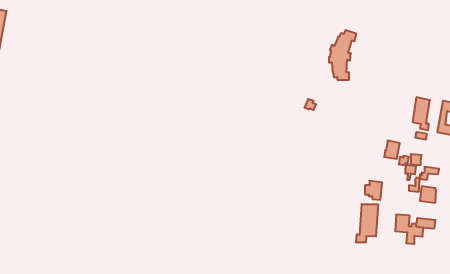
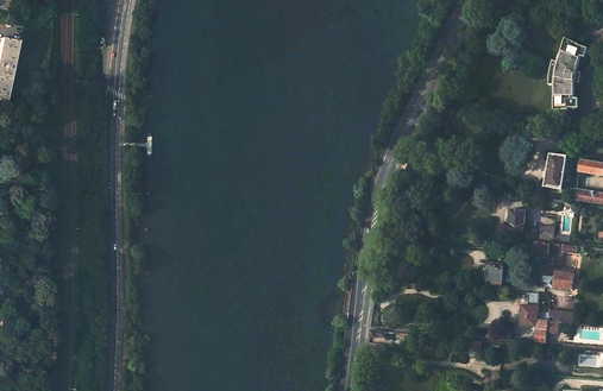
building: [329,30,356,80] -> [547,43,583,107]
building: [356,204,378,243] -> none

